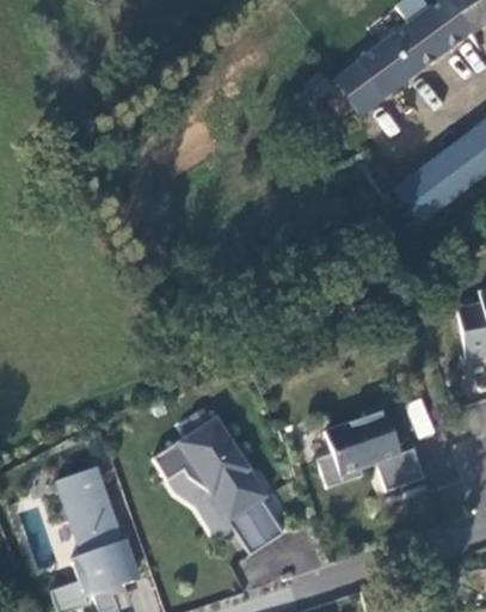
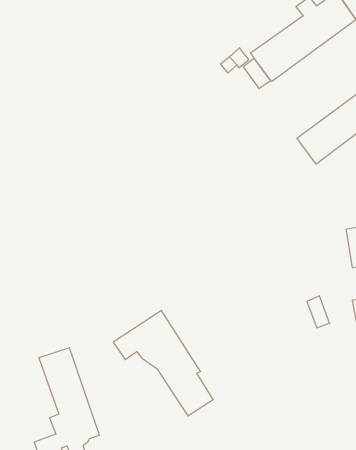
building: [318,404,426,490] -> none
building: [170,469,234,537] -> none

